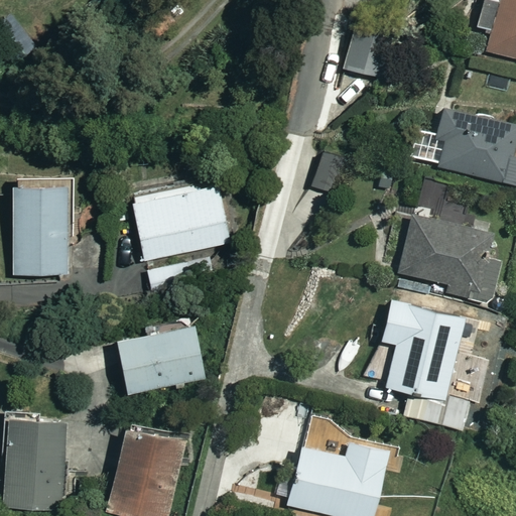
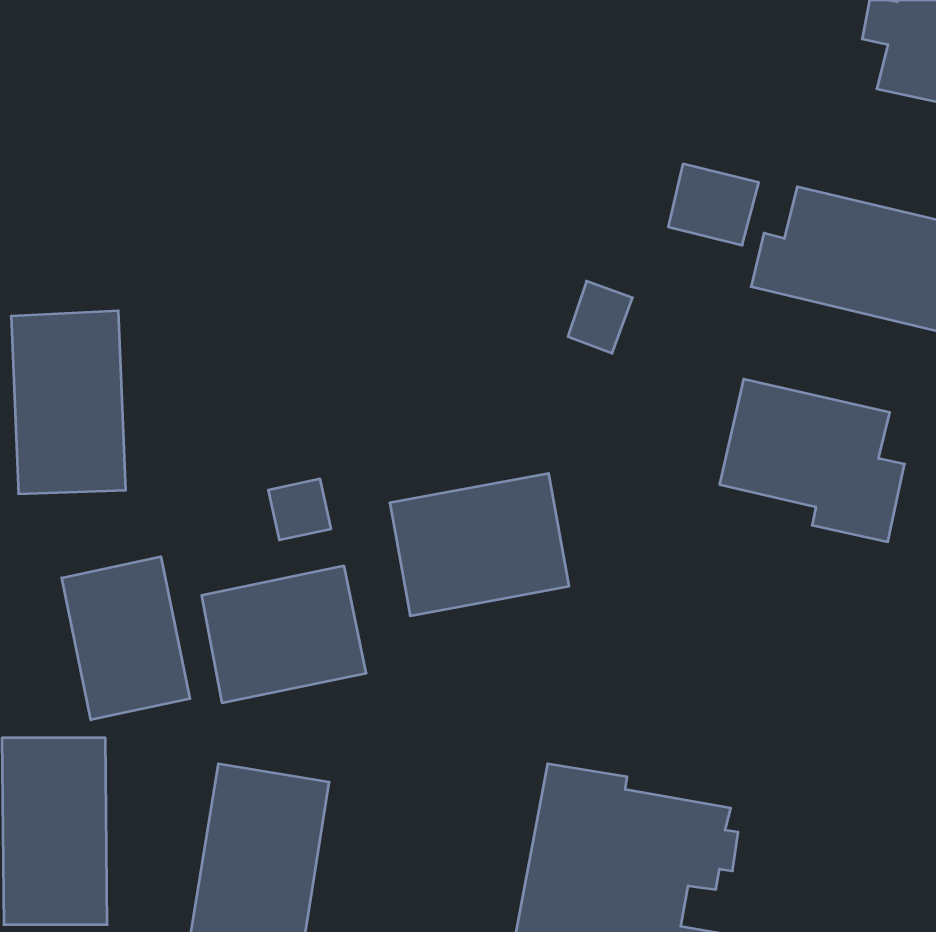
building: [342,37,391,82] -> [668,164,759,245]
building: [135,186,233,264] -> [390,473,569,616]
building: [380,295,470,429] -> none
building: none -> [62,557,190,720]

